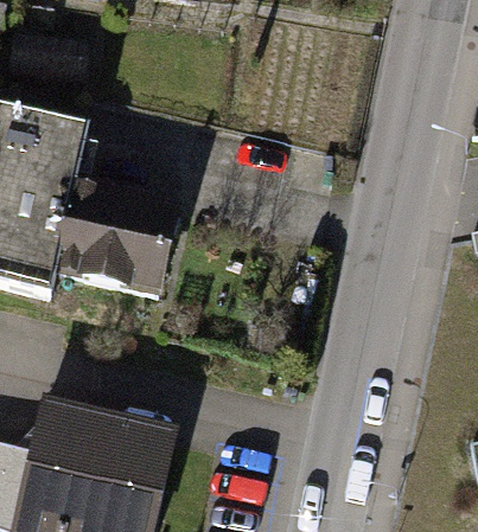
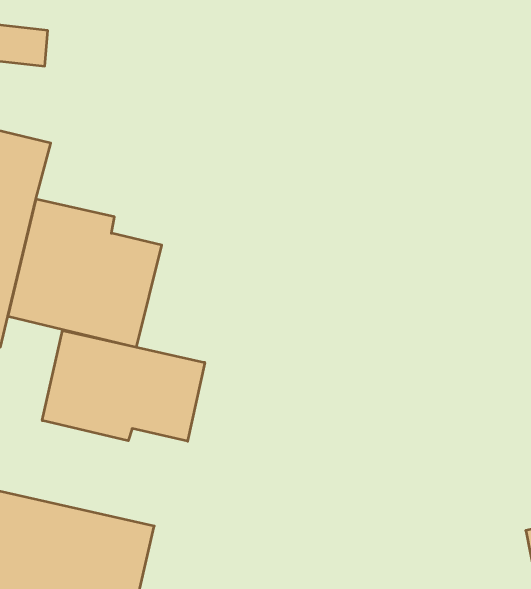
building: none -> [42,331,205,441]

